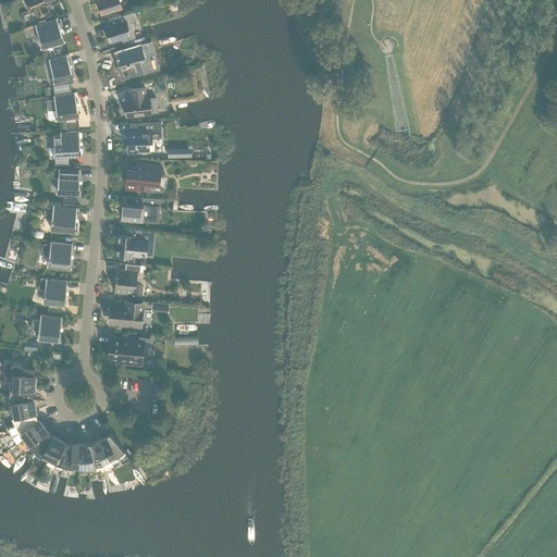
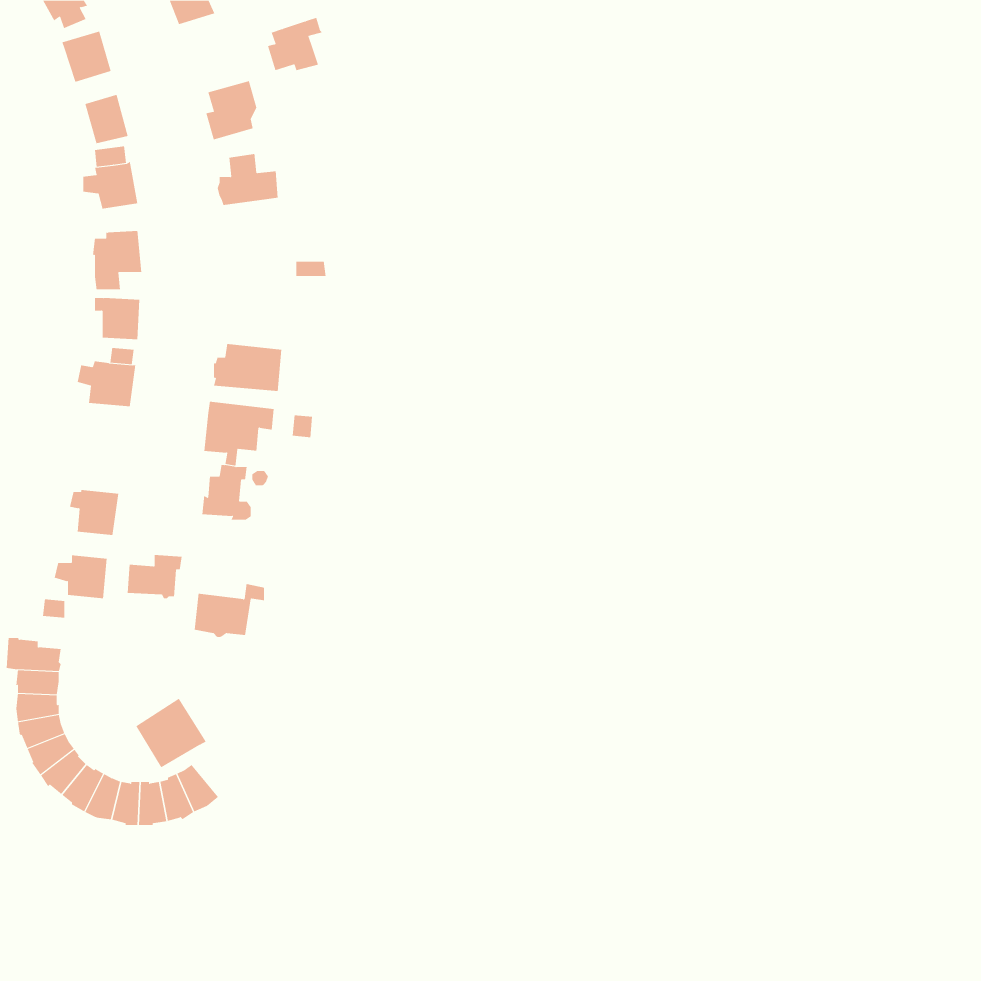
building: [106,11,137,41] -> [267,17,323,71]
building: [126,122,161,153] -> none
building: [125,162,161,190] -> none
building: [40,242,72,268] -> none
building: [111,301,143,326] -> [127,555,183,599]
building: none -> [135,698,206,768]

